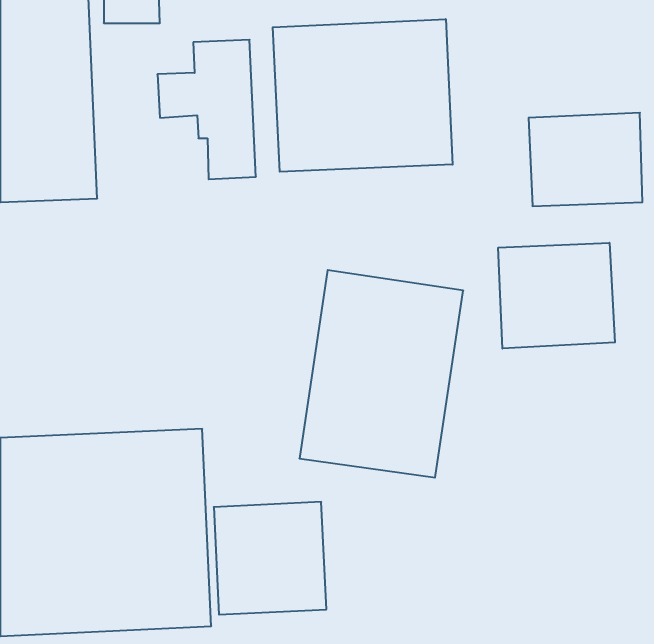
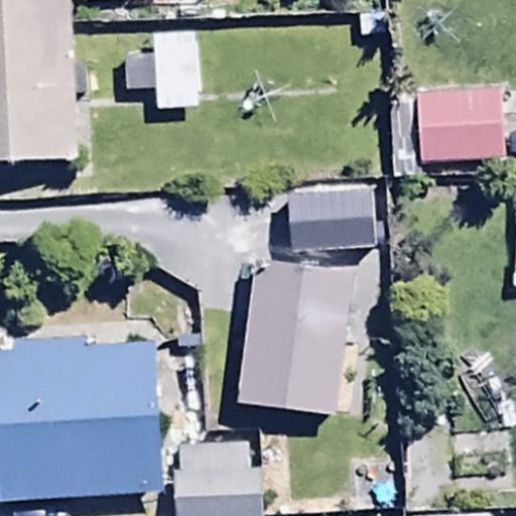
building: [273,19,453,172] -> none
building: [498,243,615,349] -> none

